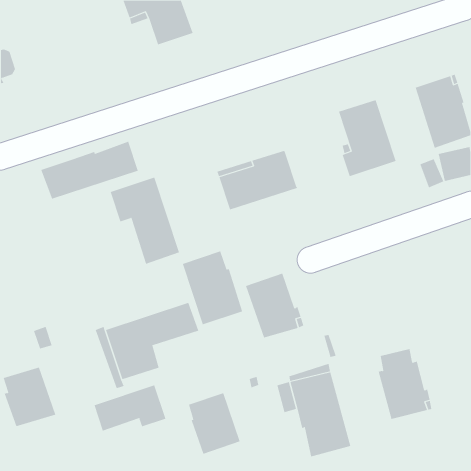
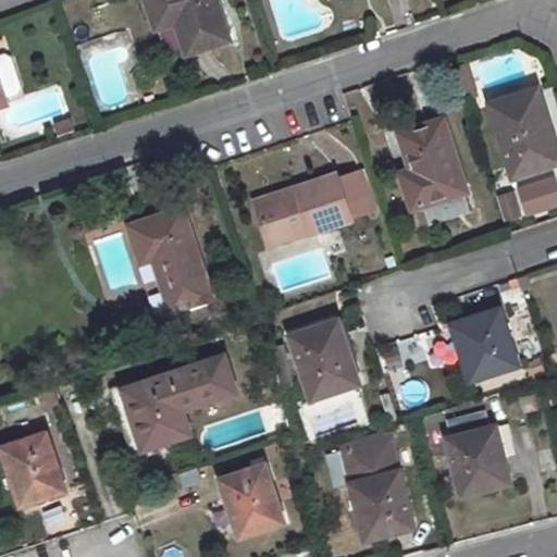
building: [40,141,138,200] -> none
building: none -> [338,175,374,220]
building: [182,251,243,325] -> none
building: none -> [454,308,518,380]
building: [94,384,166,431] -> none

